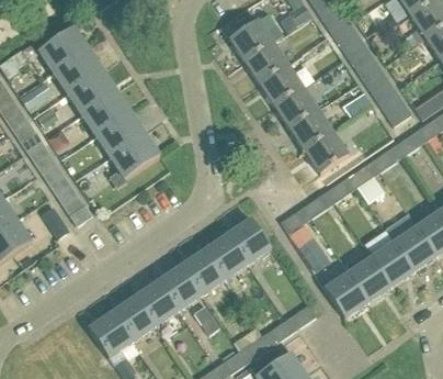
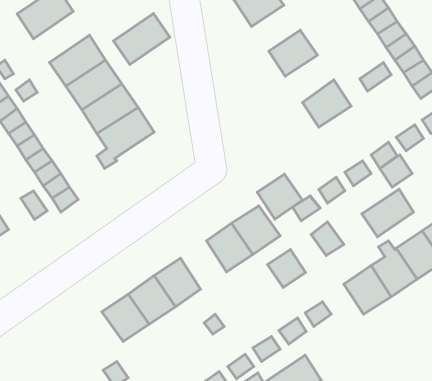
building: [245,42,287,82] -> none
building: [53,47,102,92] -> [114,13,170,64]
building: [274,86,317,127] -> none
building: [304,131,348,172] -> none
building: none -> [257,174,303,219]
building: none -> [362,189,414,237]
building: [182,249,223,292] -> none
building: none -> [267,250,305,288]
building: [90,312,132,355] -> none

